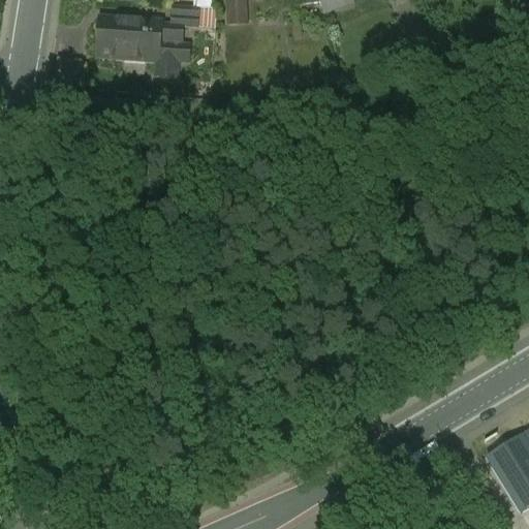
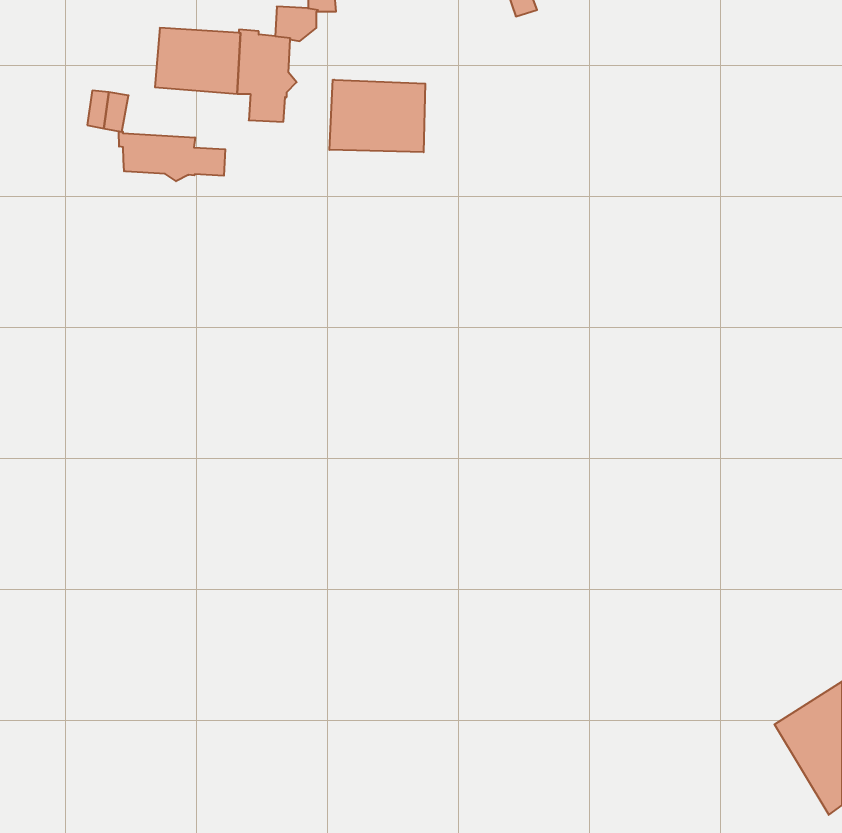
building: none -> [329,80,425,152]
building: none -> [119,131,225,181]

